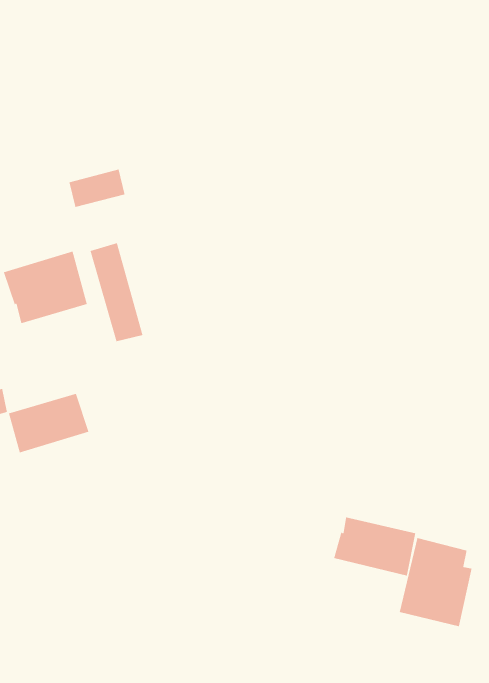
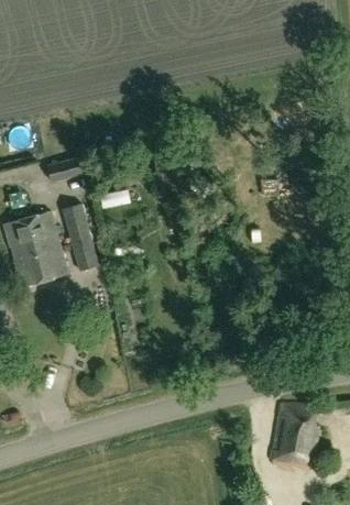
building: [8,393,90,454] -> [14,246,69,287]
building: [333,517,416,576] -> none

